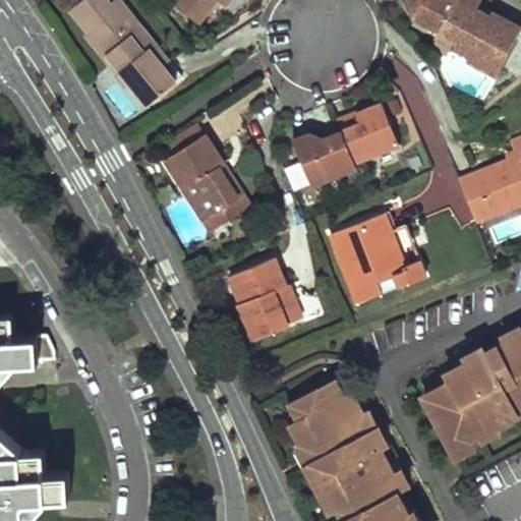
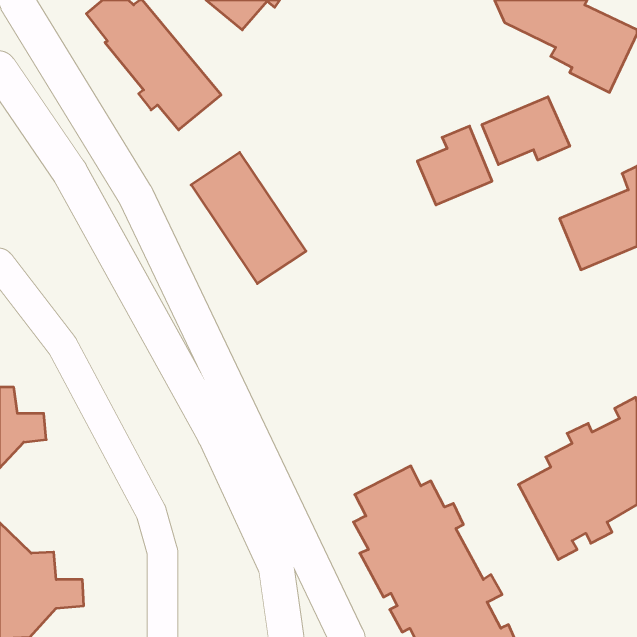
building: none -> [482,97,570,165]
building: [293,132,355,185] -> none
building: [332,212,423,292] -> none
building: [231,259,300,338] -> none

